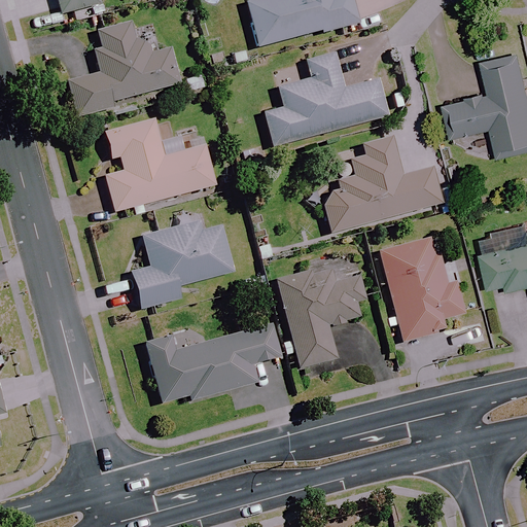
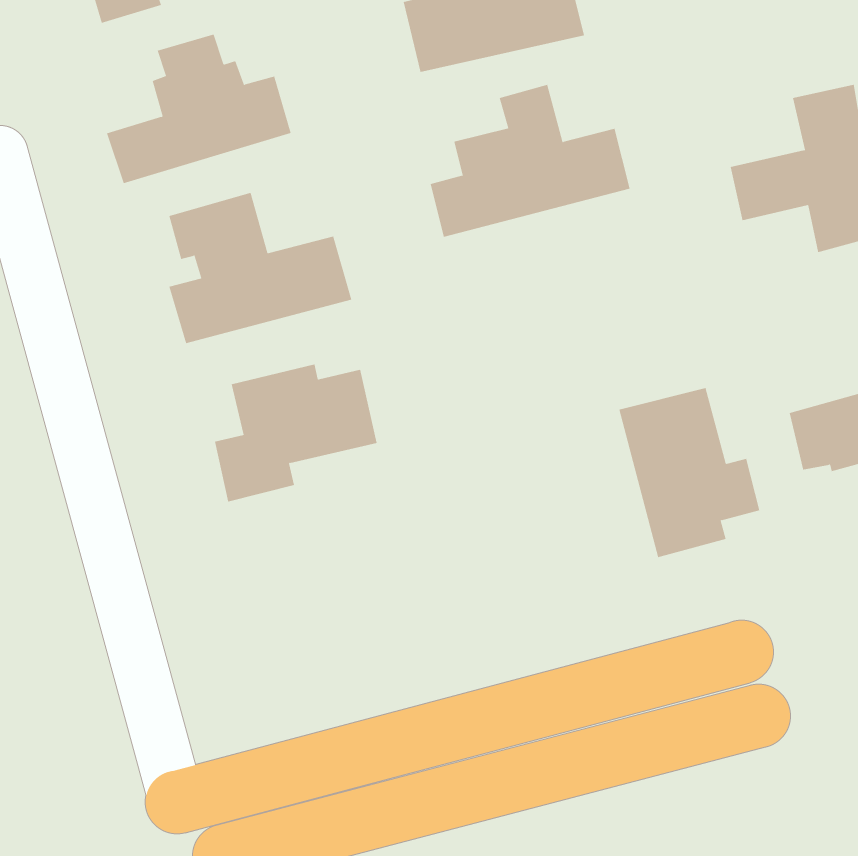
building: [321,136,444,231] -> none
building: [276,264,365,366] -> none
building: [145,321,281,402] -> none

